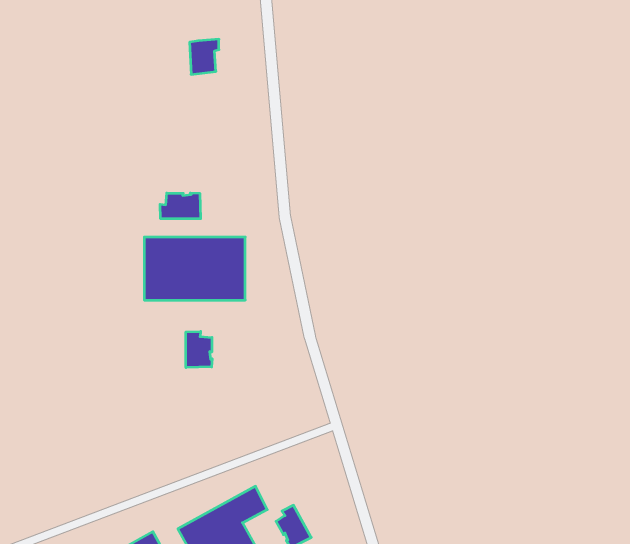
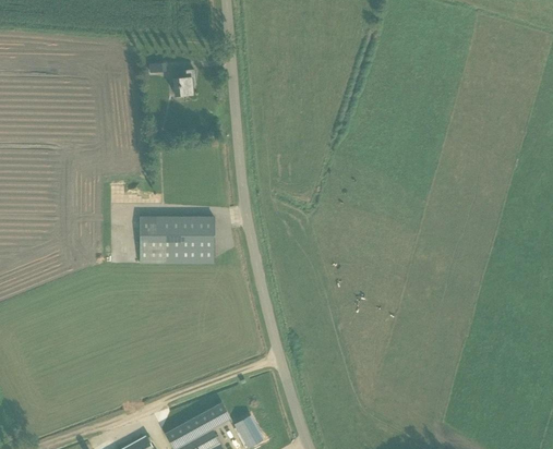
building: [160,193,201,219] -> none
building: [186,331,212,368] -> none

